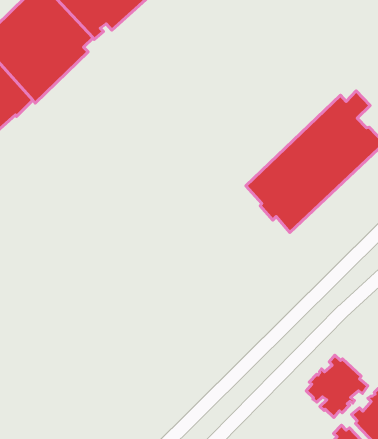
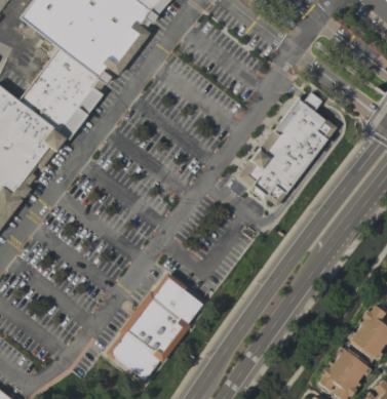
building: none -> [104,272,201,378]
building: [306,355,368,417] -> none

